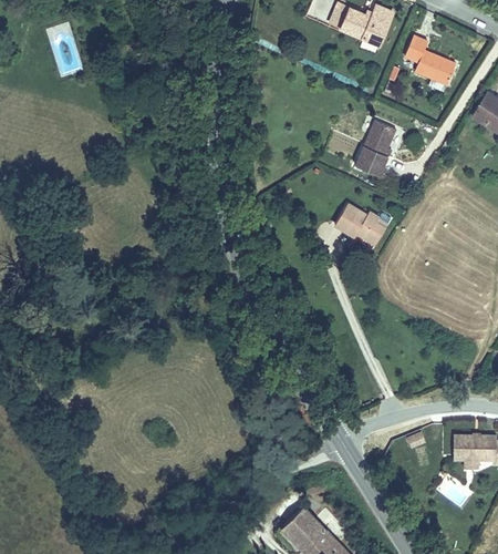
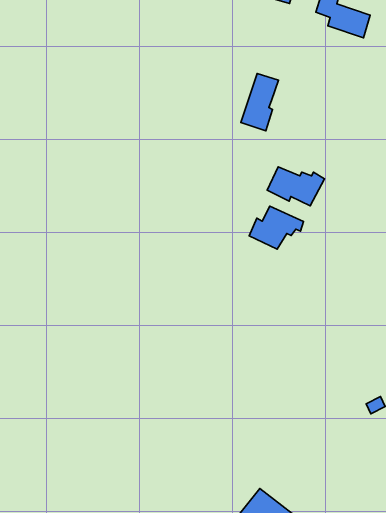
building: [356,122,397,178] -> [241,73,279,131]
building: none -> [249,206,303,249]

